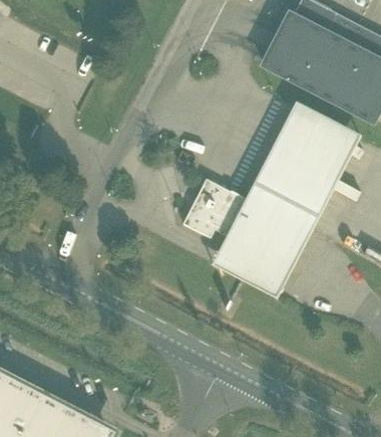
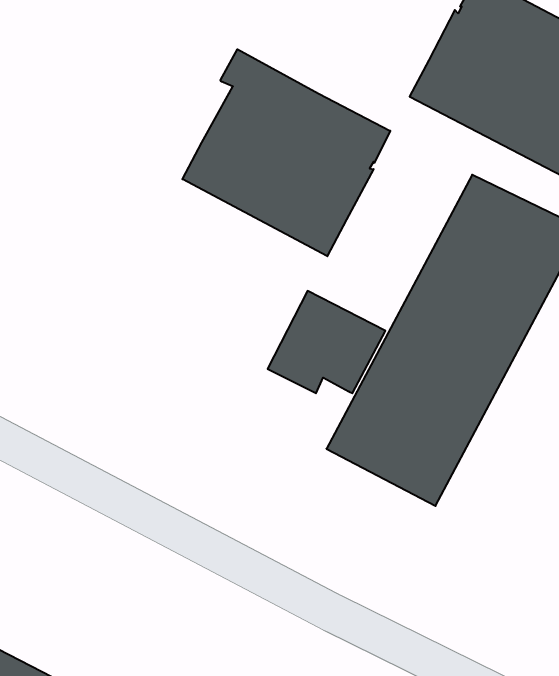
building: none -> [182,49,390,256]

